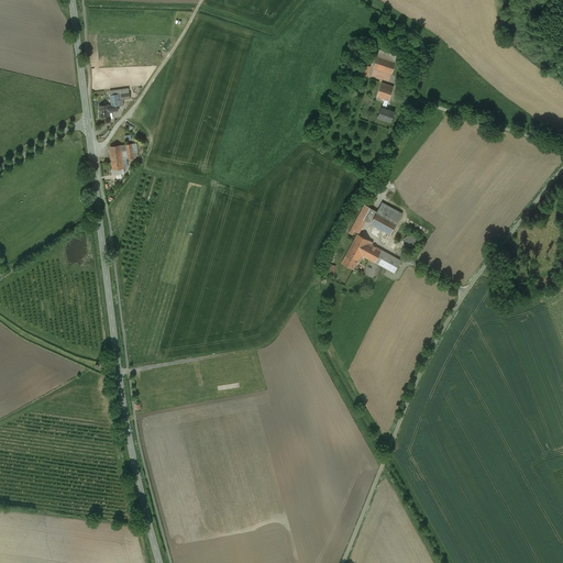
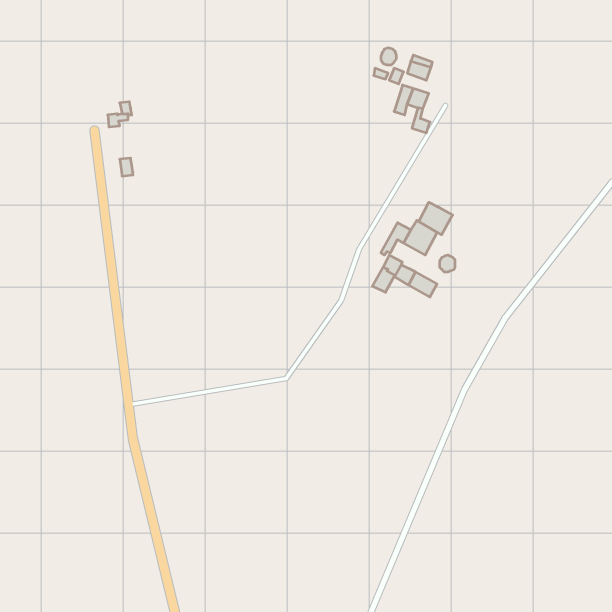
building: none -> [419,202,453,235]

